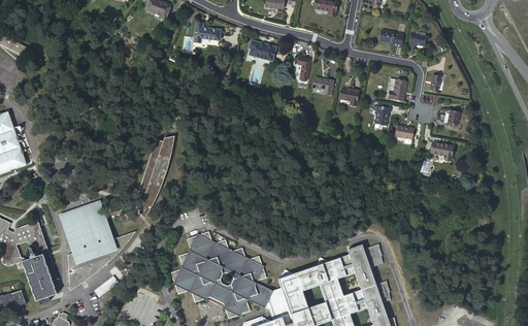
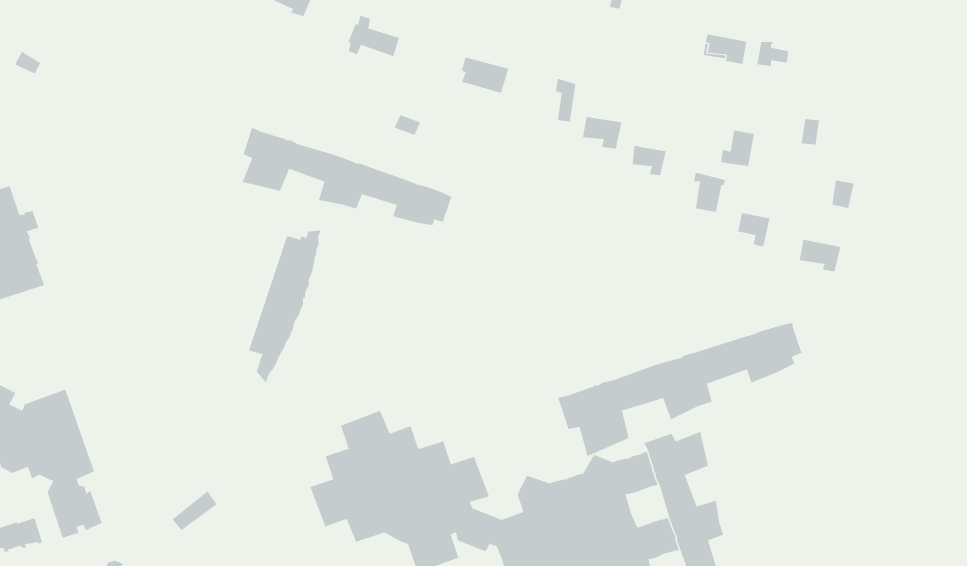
building: none -> [242,127,452,226]
building: none -> [557,322,802,457]
building: [65,208,135,291] -> none

